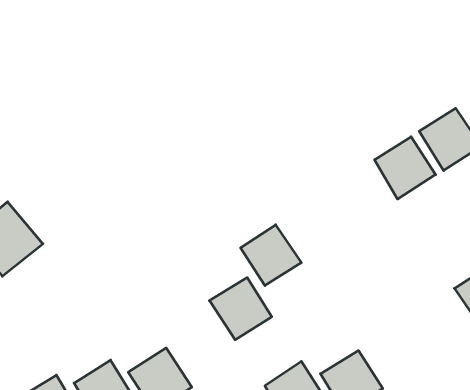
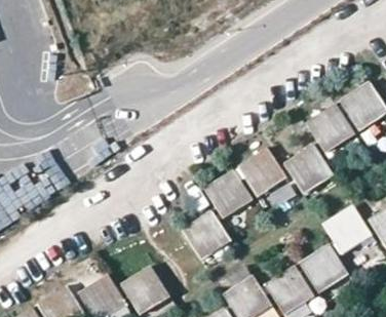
building: none -> [284,147,331,193]
building: none -> [238,150,285,196]
building: none -> [323,206,371,253]
building: none -> [301,245,347,291]

